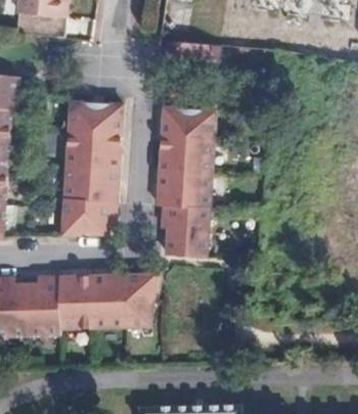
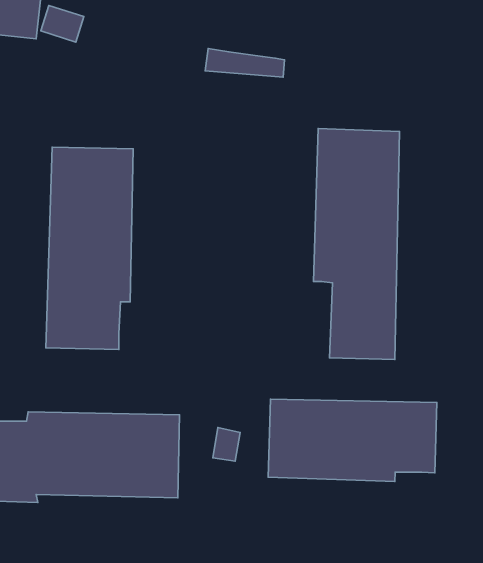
building: [159,109,214,258] -> [314,128,400,359]
building: none -> [268,399,437,481]

